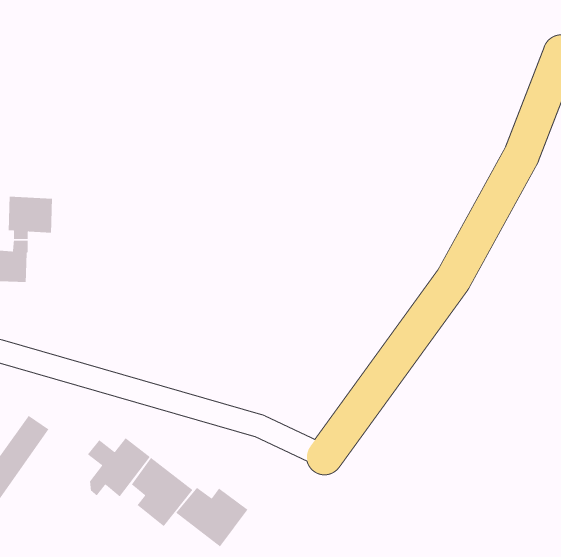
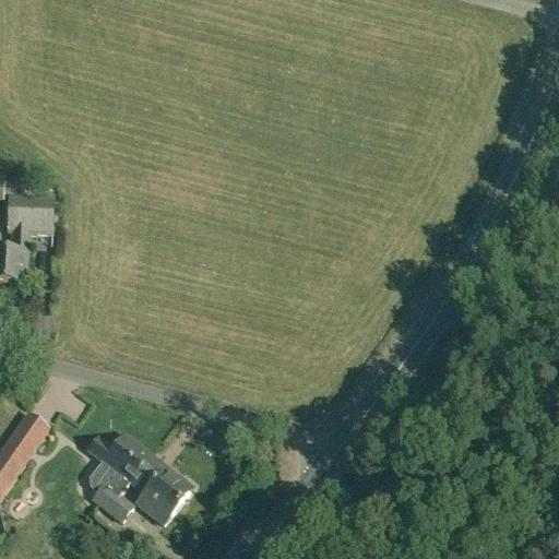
building: none -> [93,481,132,519]
building: [175,487,248,548] -> none

